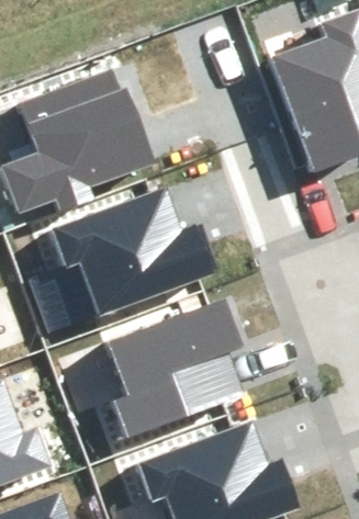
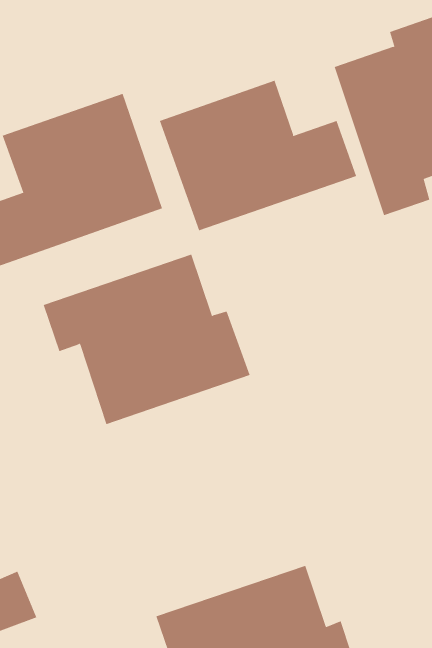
building: none -> [159,80,357,231]
building: [108,302,237,439] -> none

